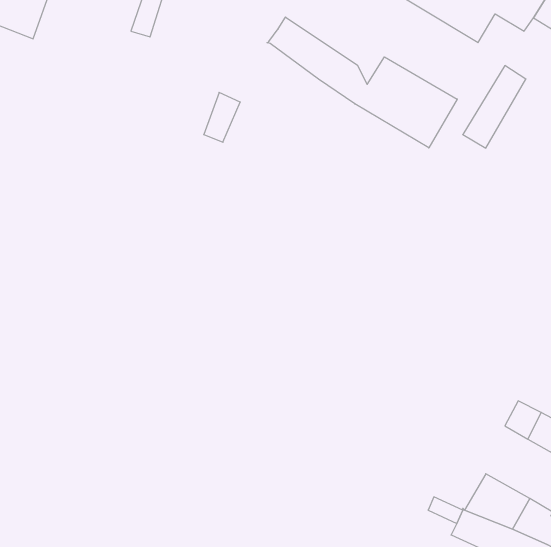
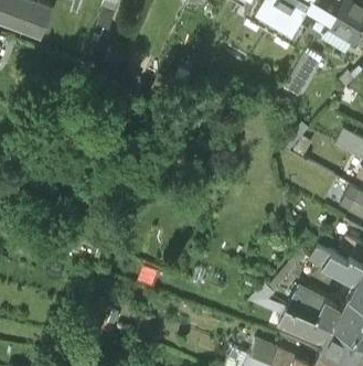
building: [267,17,457,148] -> none

